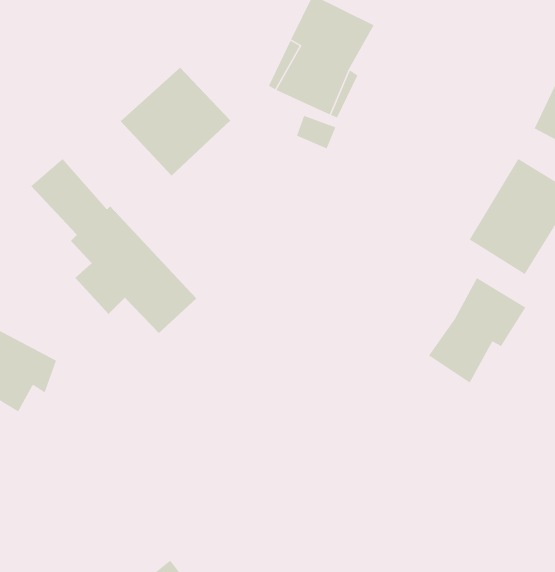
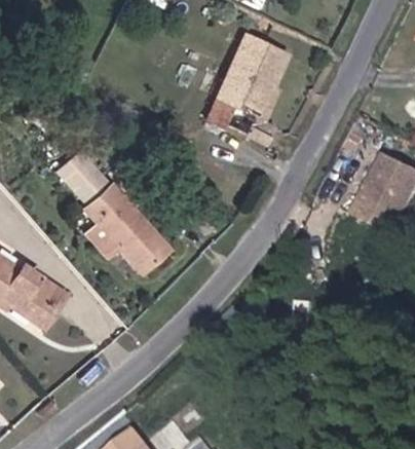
building: [120,67,231,177] -> none
building: [428,277,526,383] -> none

